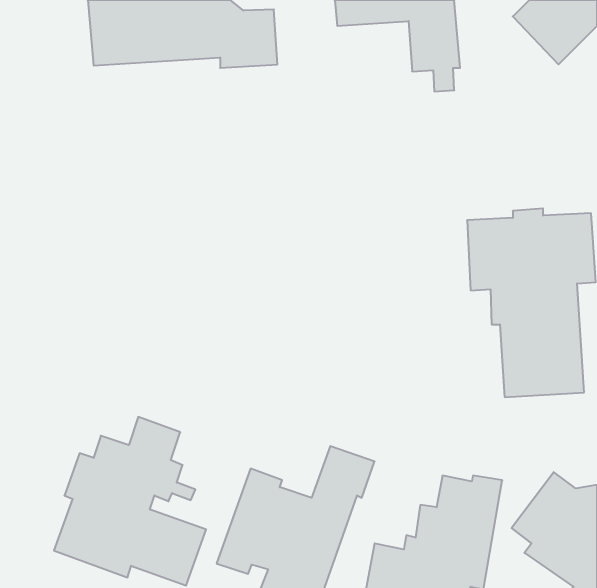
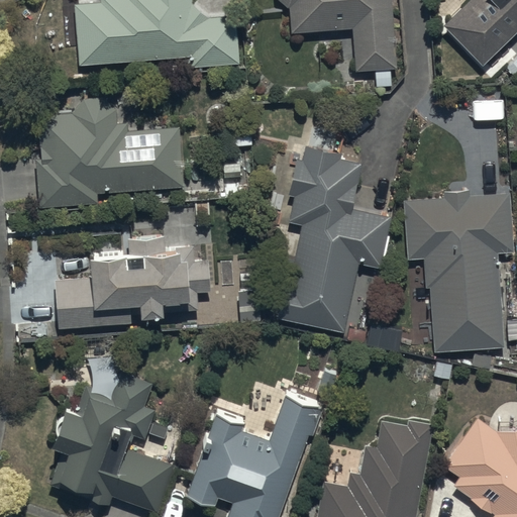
building: none -> [35,97,183,206]
building: none -> [278,127,392,332]
building: none -> [58,234,212,329]

